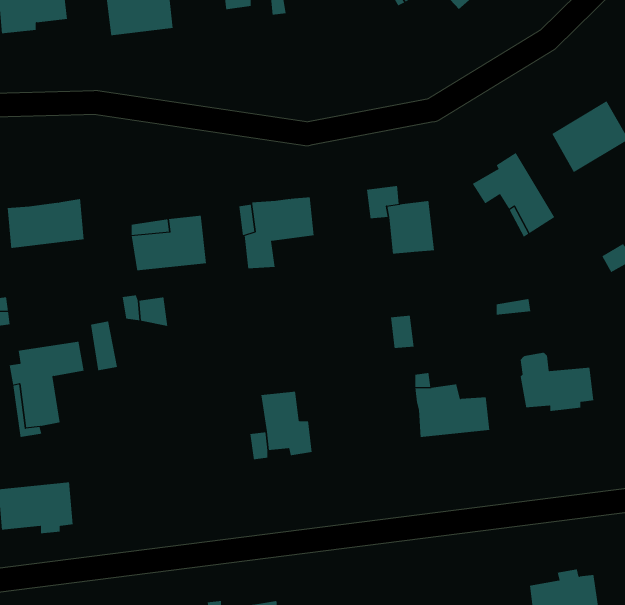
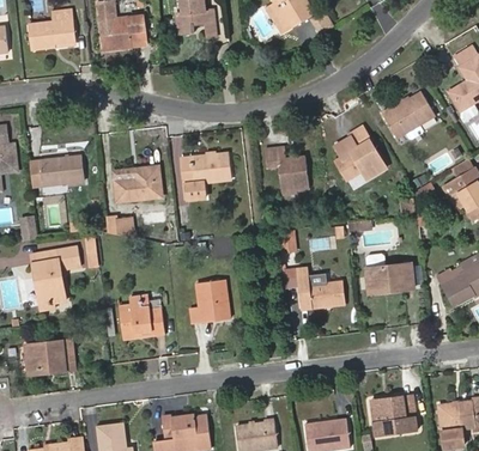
building: none -> [120,295,164,339]

